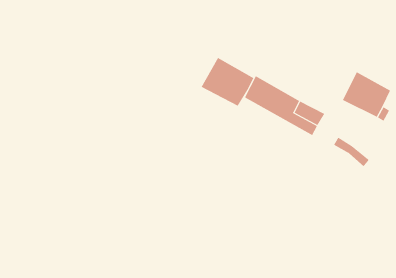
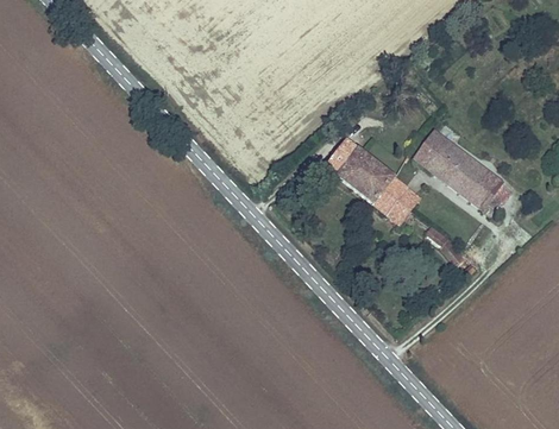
building: none -> [409,128,466,183]
building: [201,57,254,107] -> none

